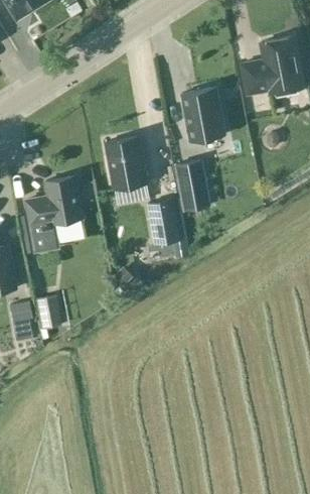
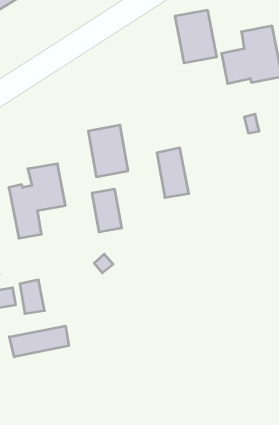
building: [180,90,222,143] -> [175,10,217,63]
building: [148,202,178,245] -> [92,189,122,232]
building: none -> [9,326,69,357]

